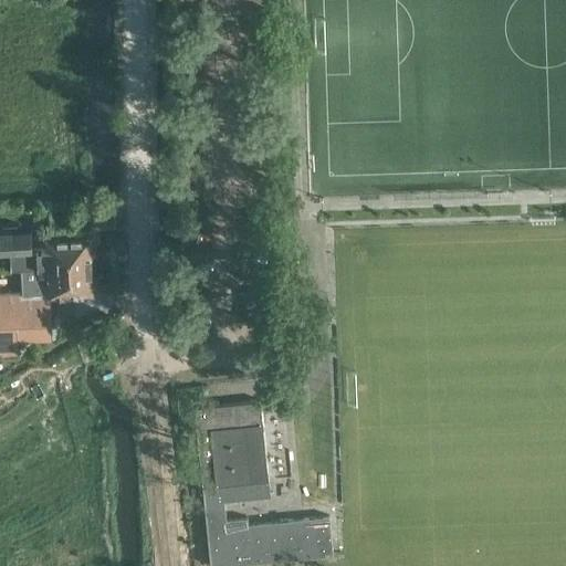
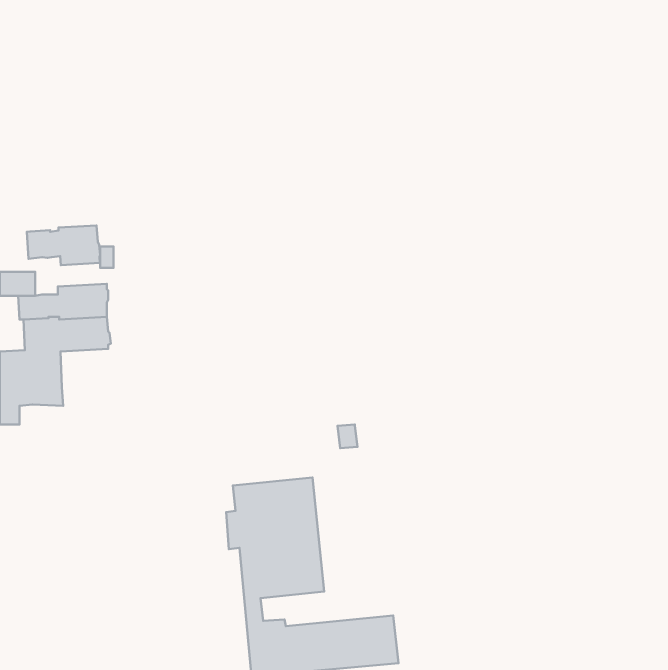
building: none -> [27,226,100,265]

